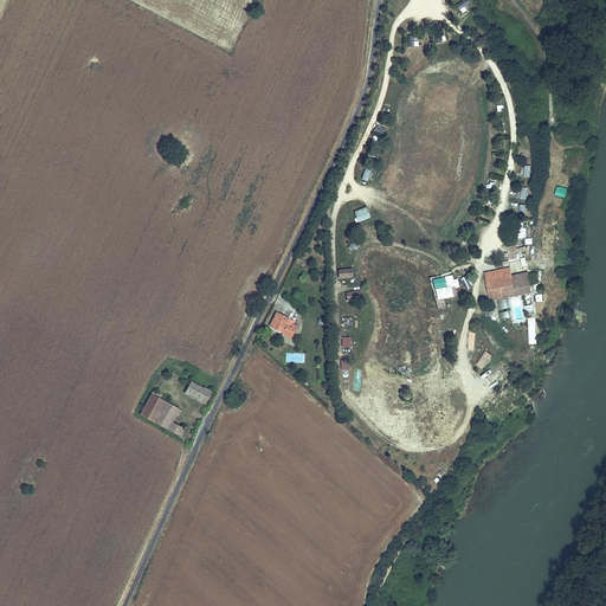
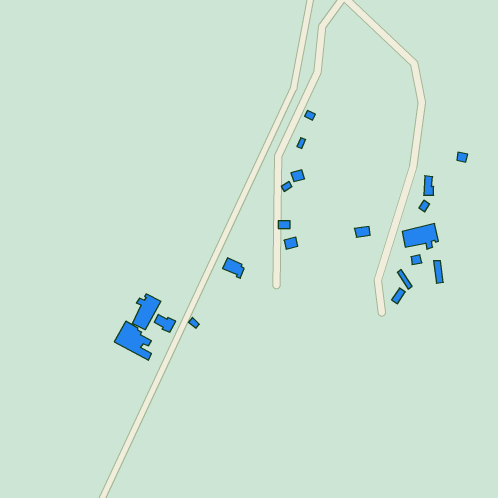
building: none -> [132,294,161,330]

